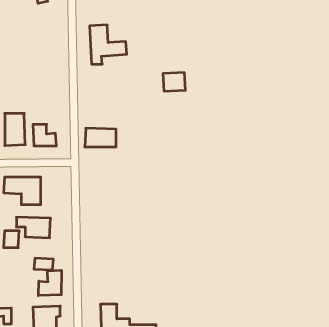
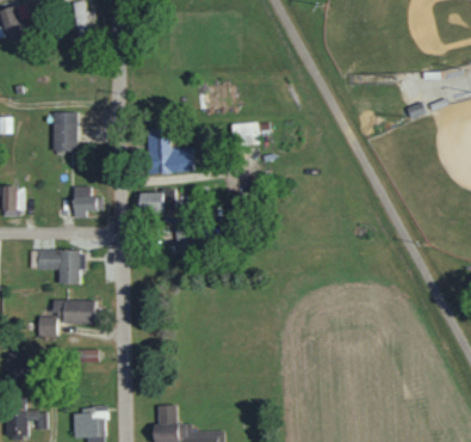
building: [90,25,127,64] -> [148,127,193,174]
building: [5,113,25,146] -> [54,112,79,152]
building: [38,270,61,296] -> none

